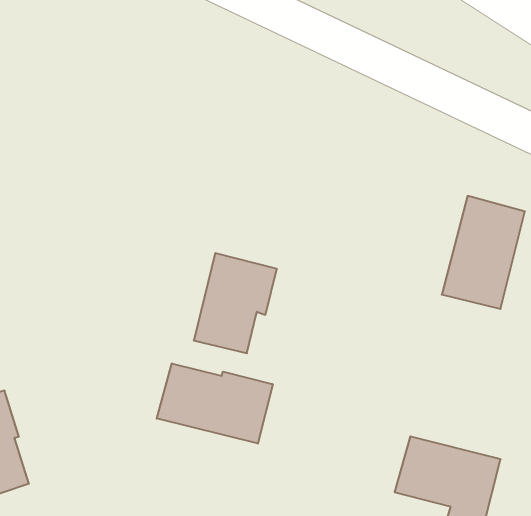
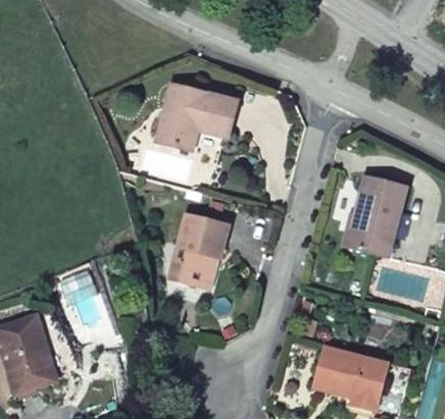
building: none -> [157,83,239,150]
building: [157,363,273,444] -> none

